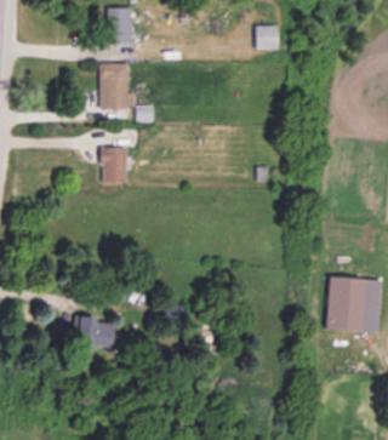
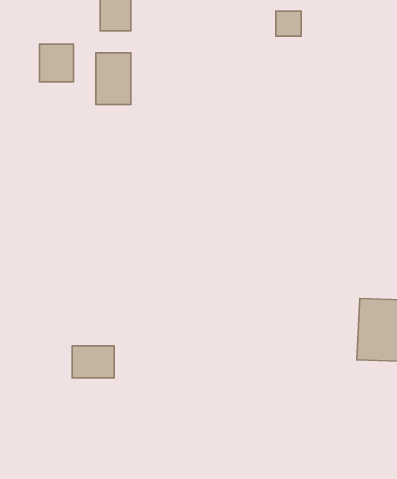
building: none -> [40,44,73,82]
building: [101,147,127,183] -> none

